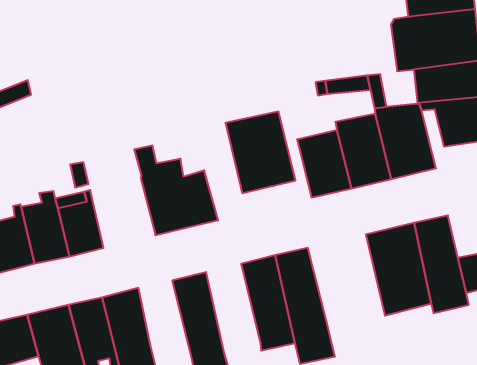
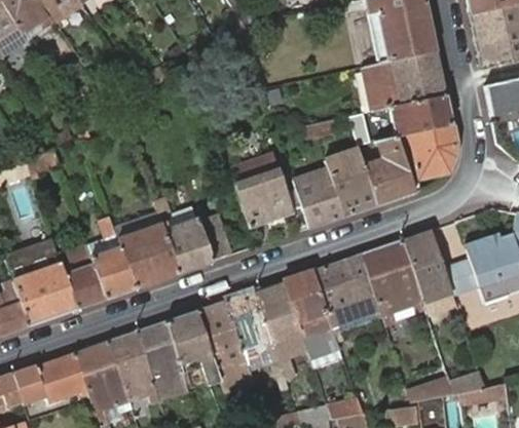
building: none -> [117,225,178,288]
building: none -> [311,255,382,334]
building: none -> [225,290,279,369]
building: none -> [168,311,219,379]

